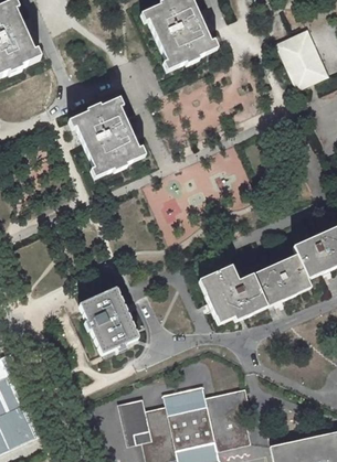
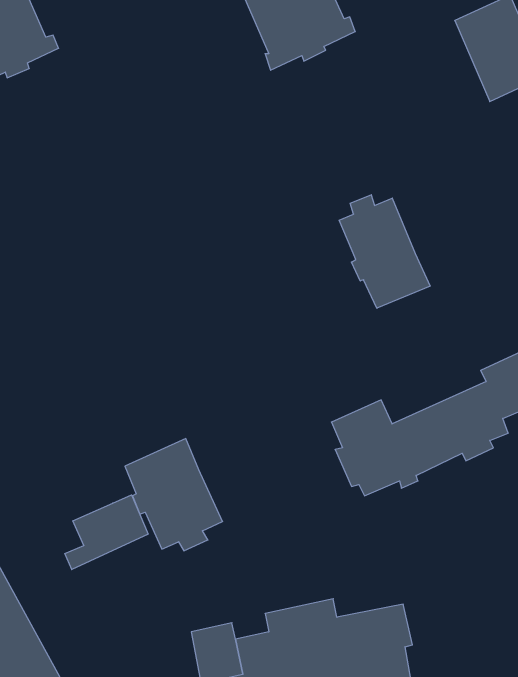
building: [65,90,140,171] -> none
building: none -> [339,195,430,308]
building: none -> [65,495,148,570]

